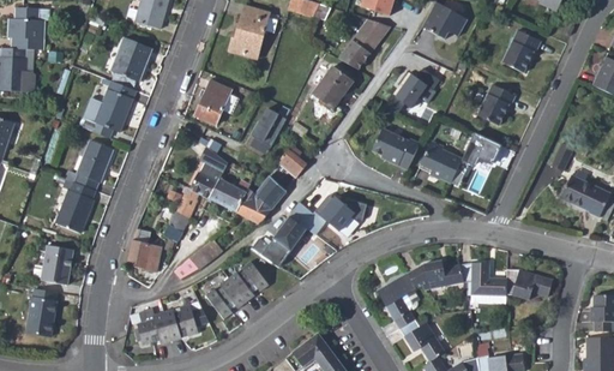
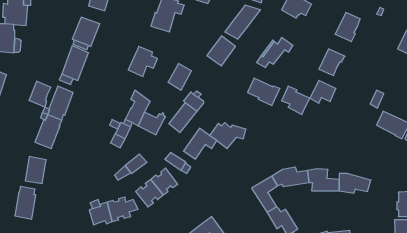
building: none -> [29,81,51,107]
building: [235,189,271,222] -> none
building: [126,238,161,271] -> none

